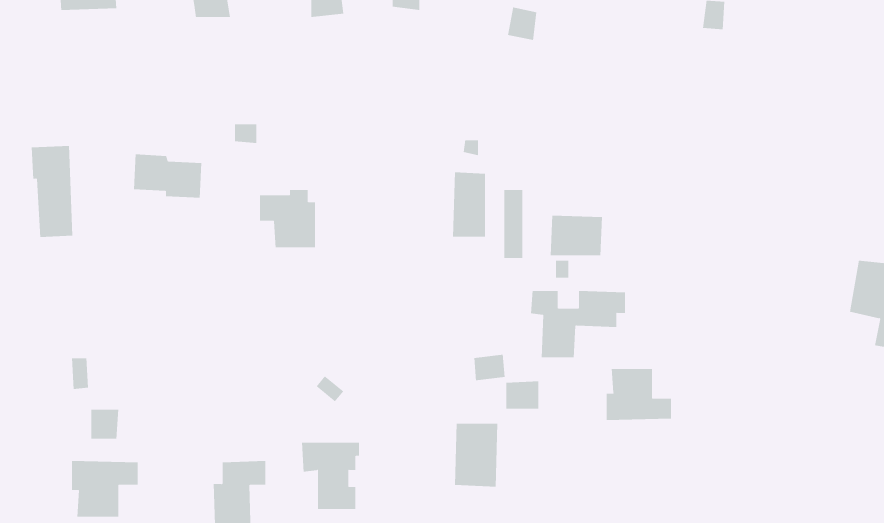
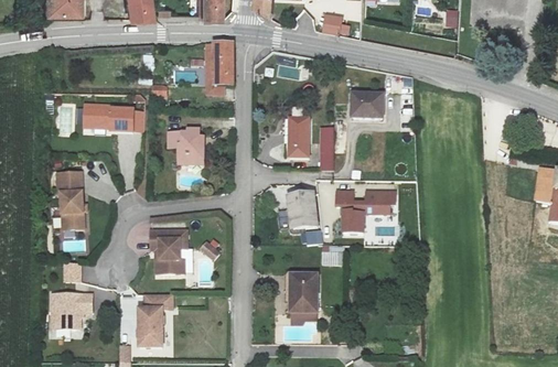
building: none -> [214,46,233,87]
building: [31,145,73,238] -> [58,172,85,229]
building: [550,215,603,256] -> [352,95,385,120]
building: none -> [287,190,316,226]
building: [606,368,672,421] -> none
building: [301,442,360,509] -> [150,233,186,274]

